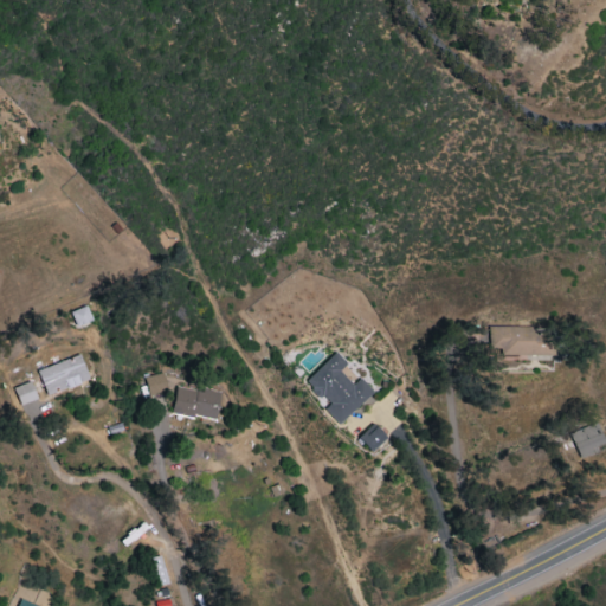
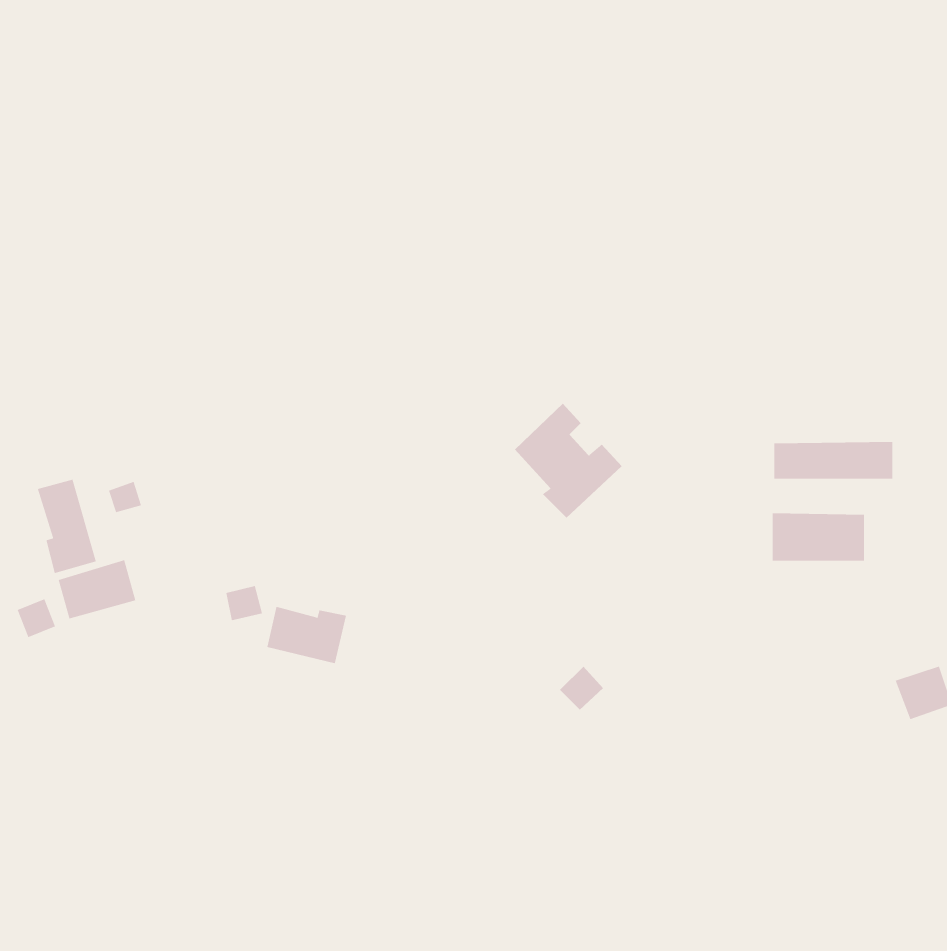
building: none -> [774,441,893,480]
building: none -> [37,479,97,574]
building: [308,350,376,424] -> [514,403,622,518]

